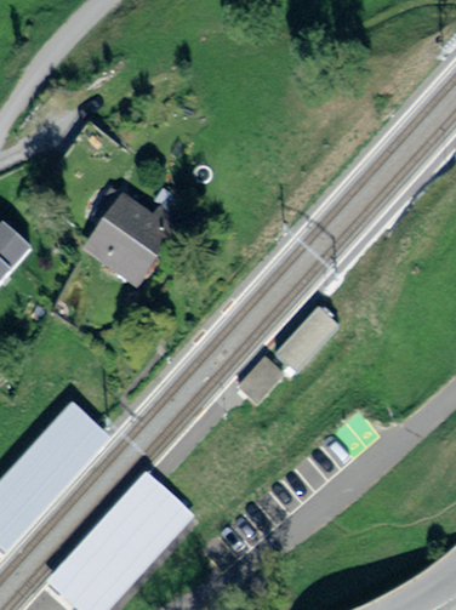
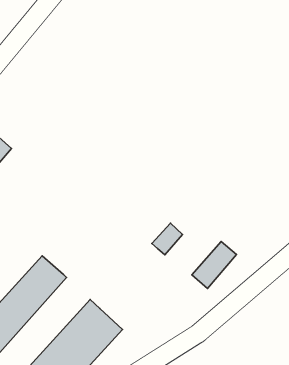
building: [91,198,172,278] -> none
building: [274,304,341,375] -> [192,241,237,289]

